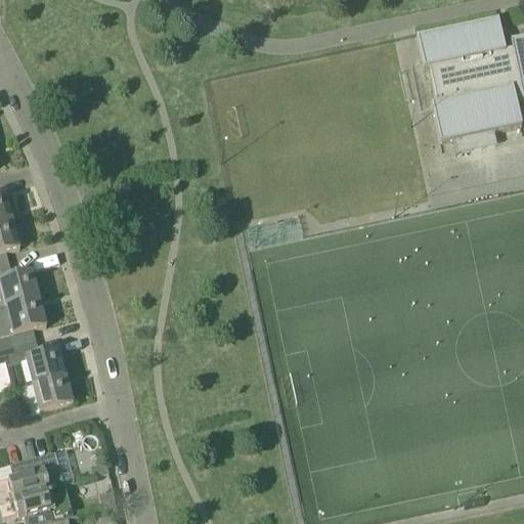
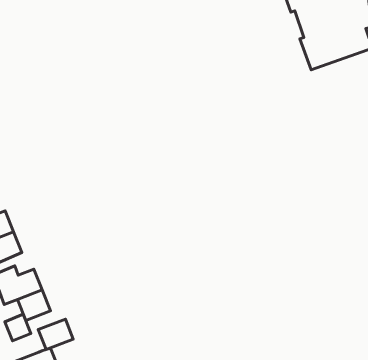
building: none -> [5,314,31,341]
building: none -> [38,319,73,350]

